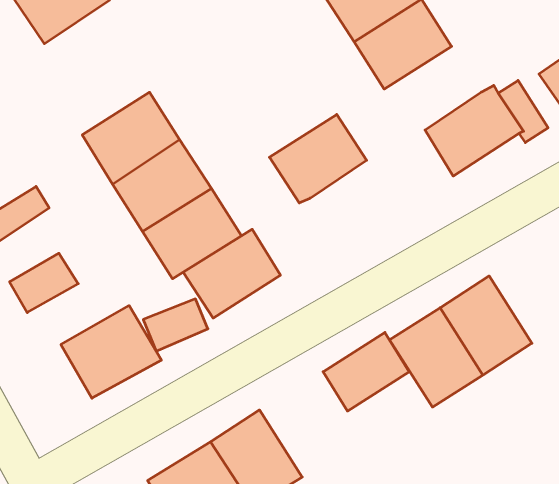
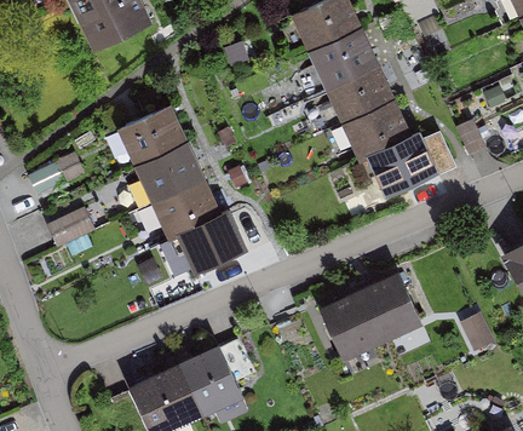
building: [269,114,367,203] -> [341,100,412,161]
building: [61,306,161,398] -> none
building: [323,332,409,411] -> none

